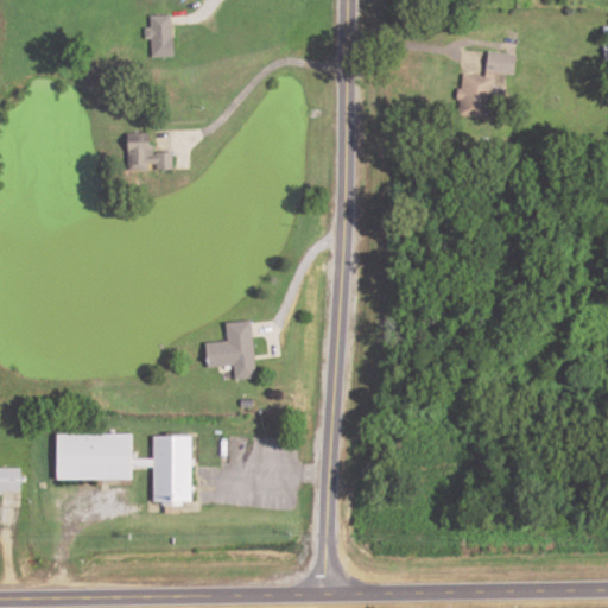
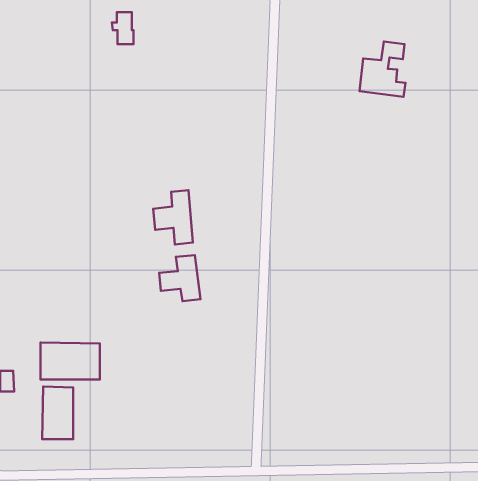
building: [126,133,172,172] -> none
building: none -> [153,190,193,245]
building: [151,435,190,501] -> [42,386,73,439]

